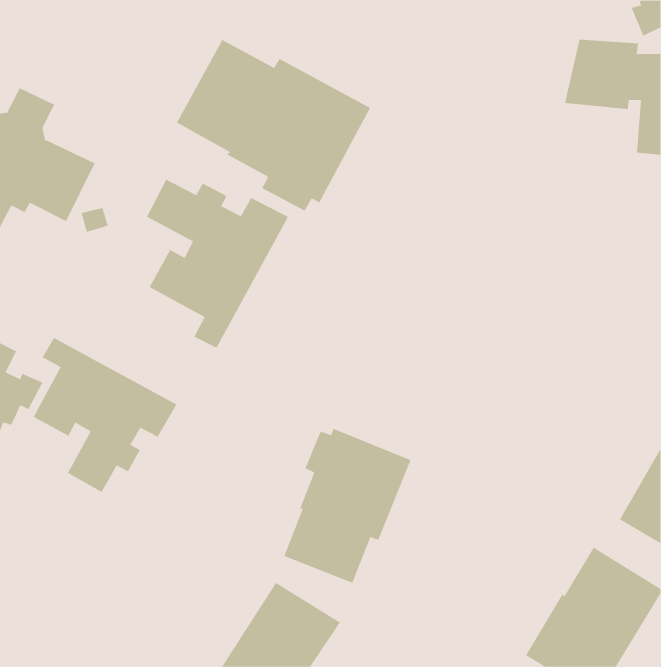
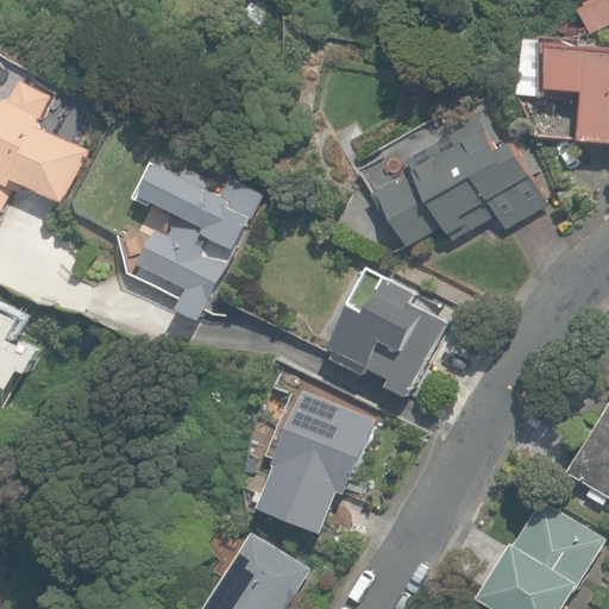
building: [176,39,371,211] -> none
building: none -> [370,112,545,247]
building: none -> [327,275,446,395]
building: [33,337,177,493] -> none

